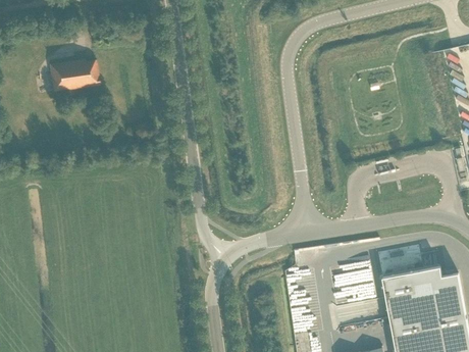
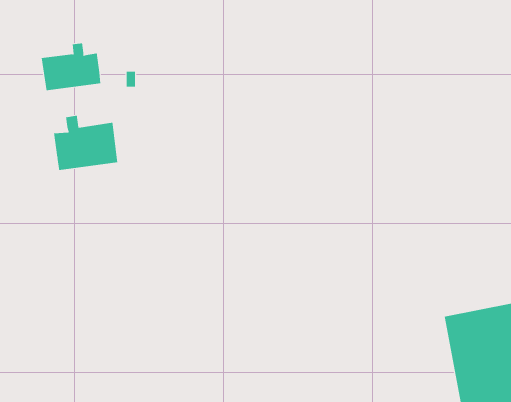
building: none -> [53,115,118,171]

